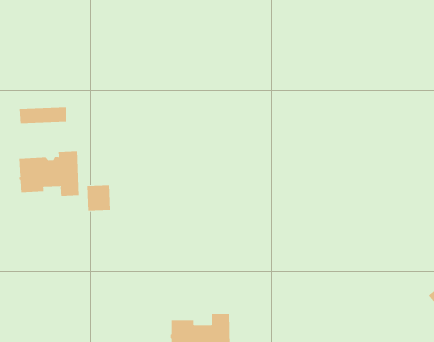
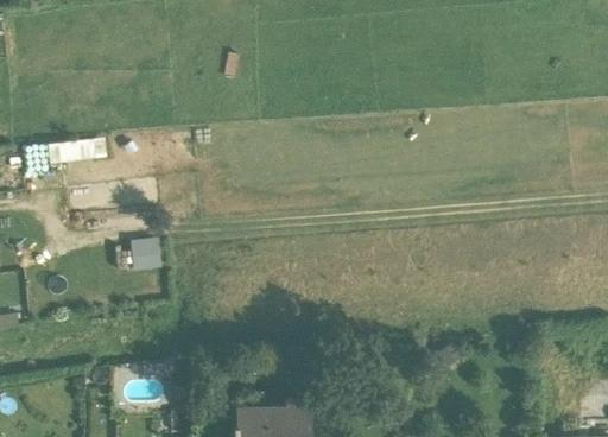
building: [19,151,79,197] -> none

